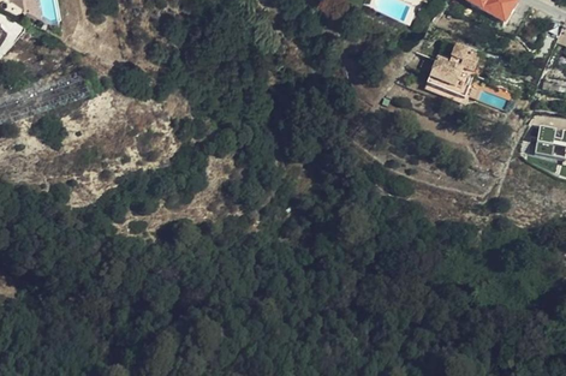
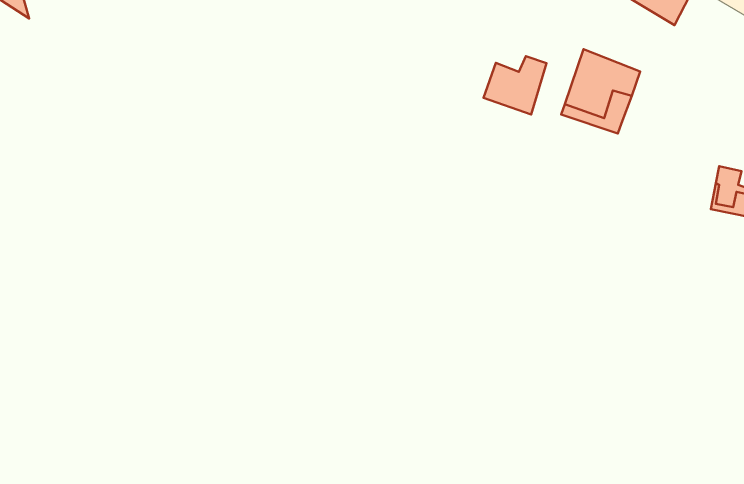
building: none -> [484,56,547,114]

